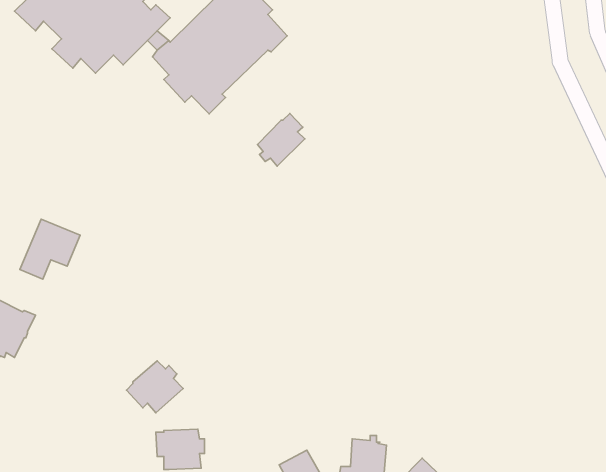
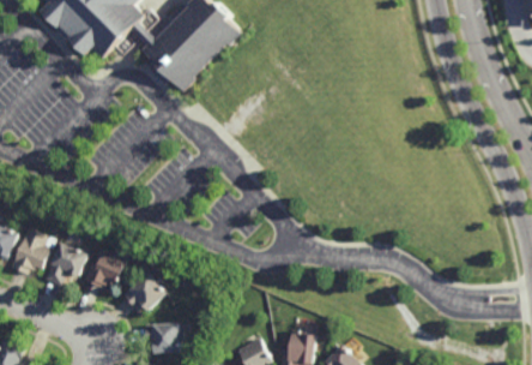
building: [257,114,305,166] -> none
building: [20,219,80,279] -> [47,240,91,285]
building: none -> [86,250,127,286]

